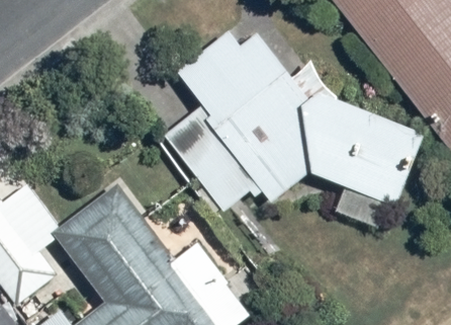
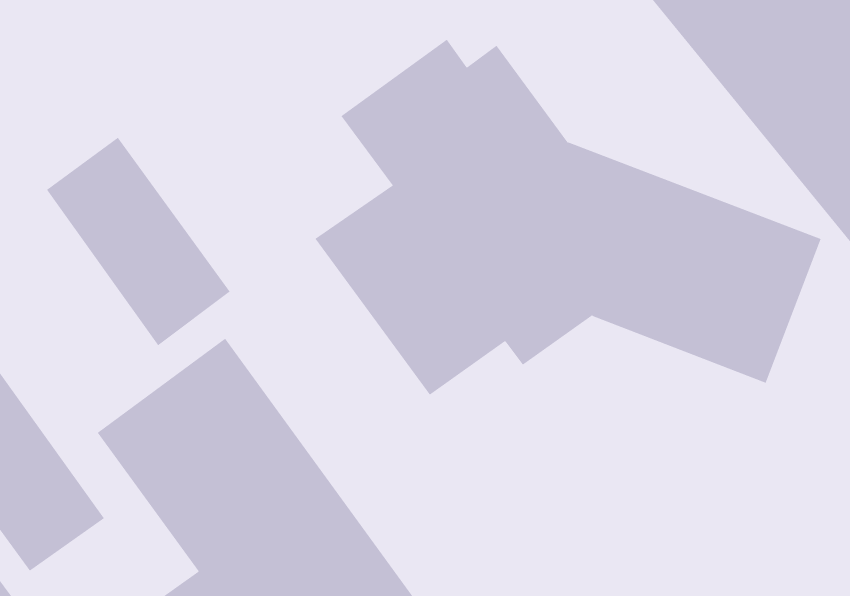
building: none -> [46,137,230,346]

